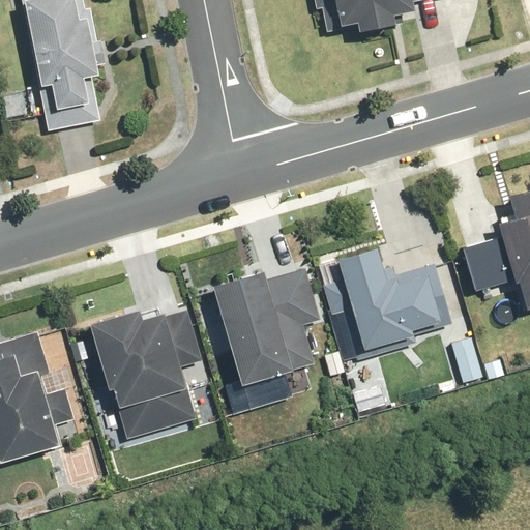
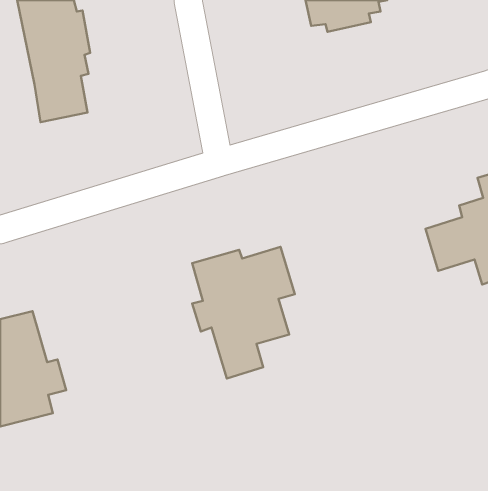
building: [333,245,450,349] -> none
building: [91,308,204,438] -> none

